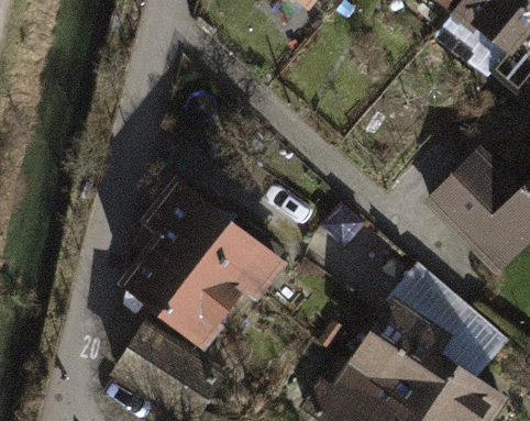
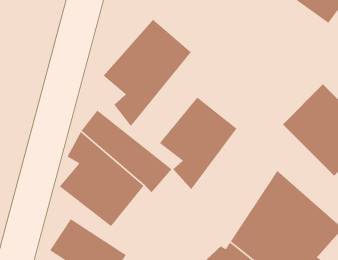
building: none -> [103,19,192,127]
building: none -> [159,96,237,190]

